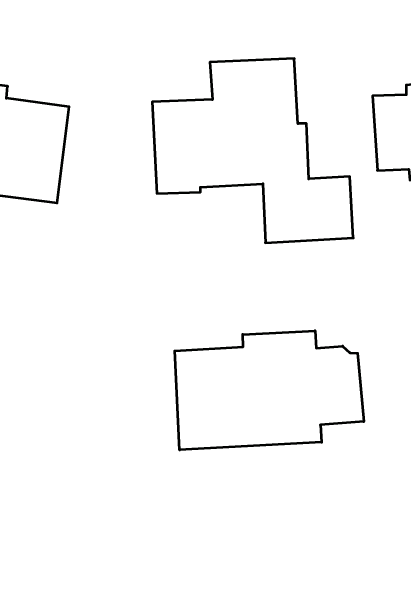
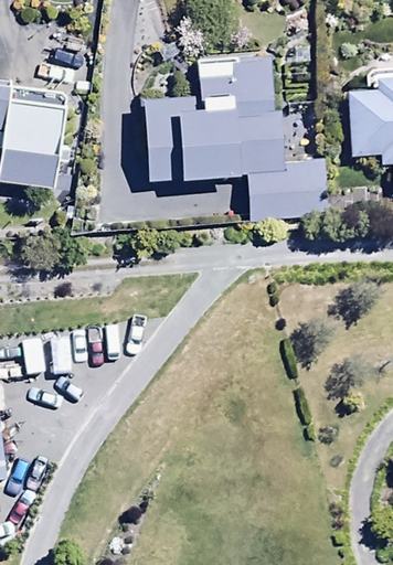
building: [175,331,364,450] -> none

